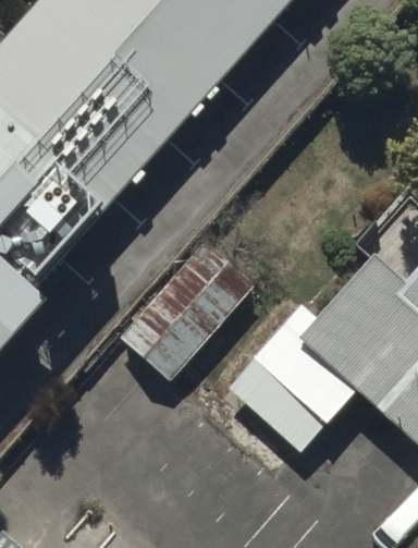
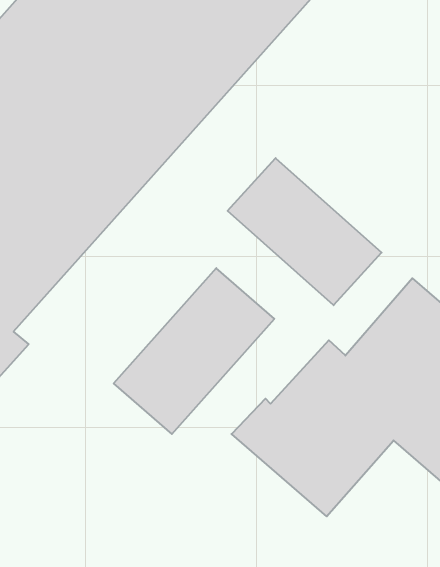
building: none -> [228,158,382,305]

